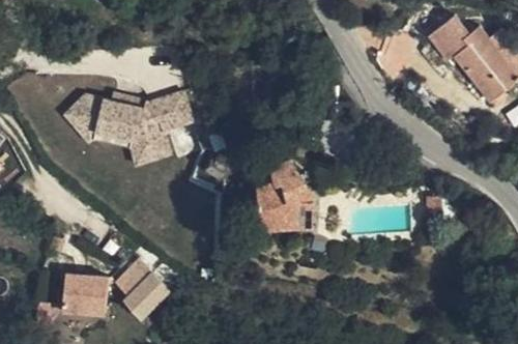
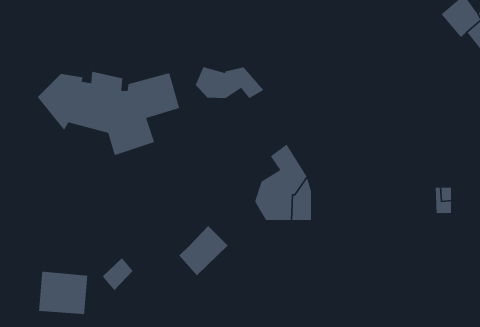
building: none -> [195,66,265,99]
building: [122,273,168,319] -> [179,225,229,276]

